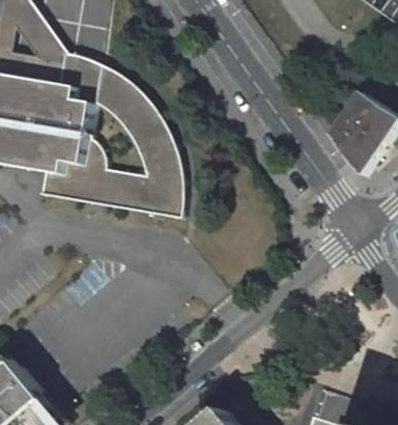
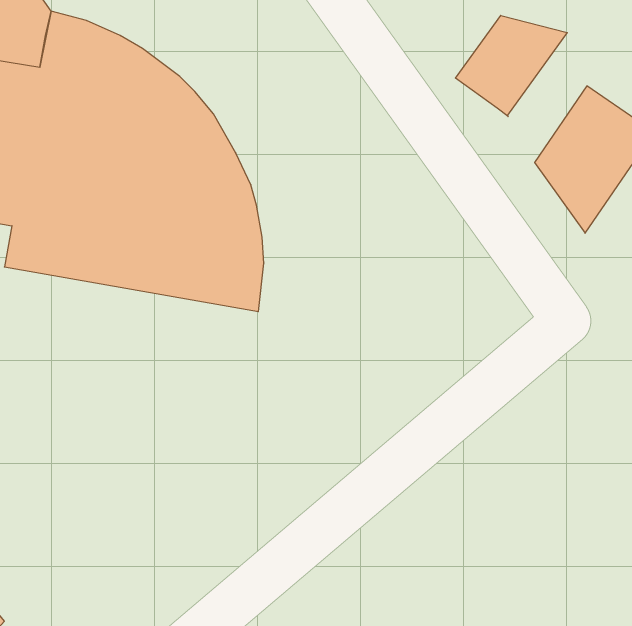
building: none -> [455,15,567,117]

